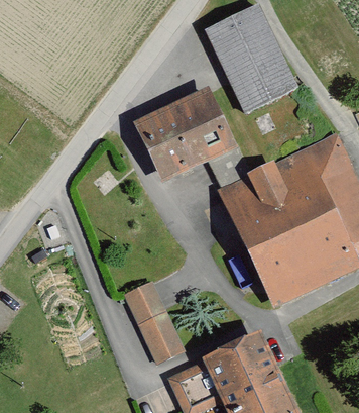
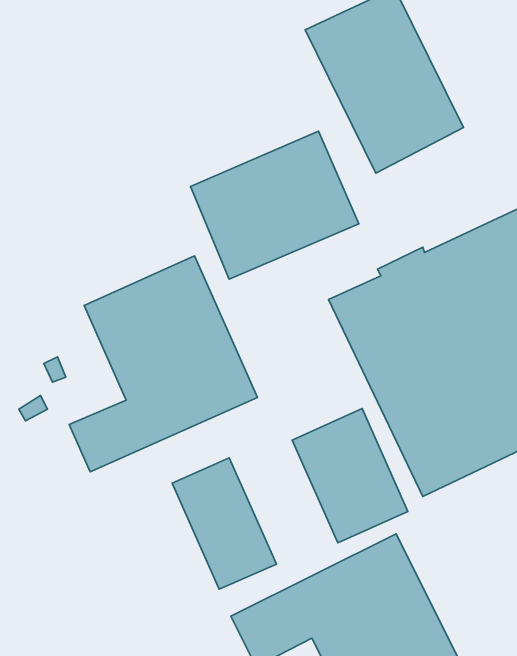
building: none -> [69,256,257,472]
building: none -> [292,409,408,543]

